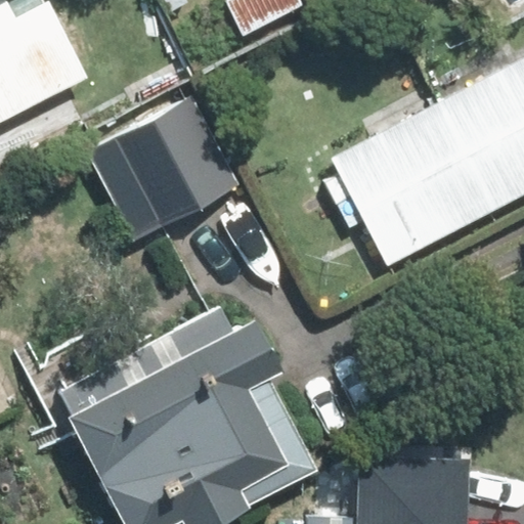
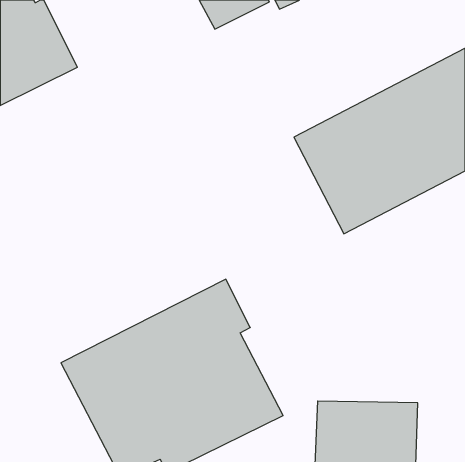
building: [83,96,241,244] -> none

